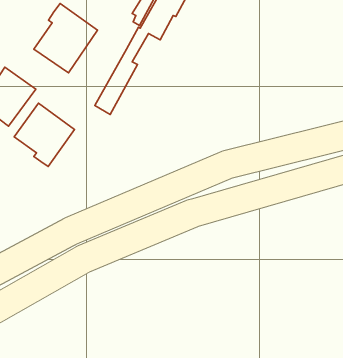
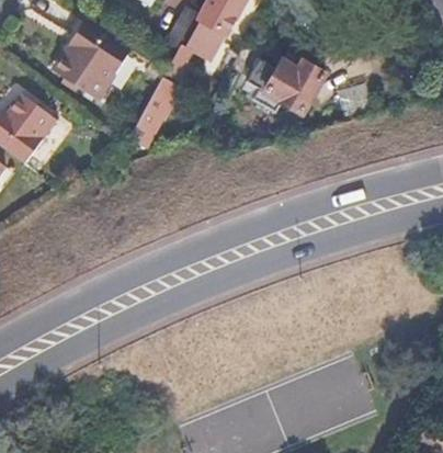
building: none -> [235,54,319,112]
building: [14,103,74,166] -> none

